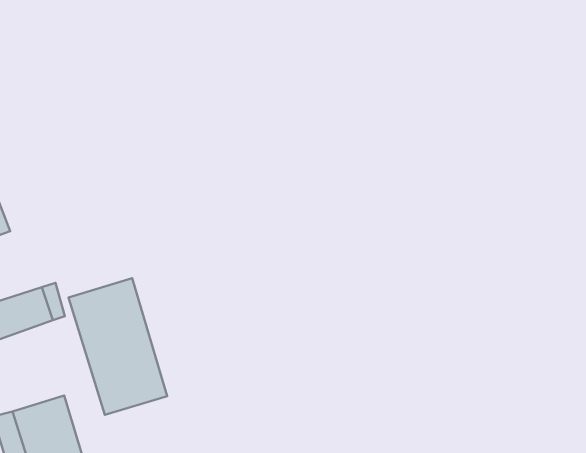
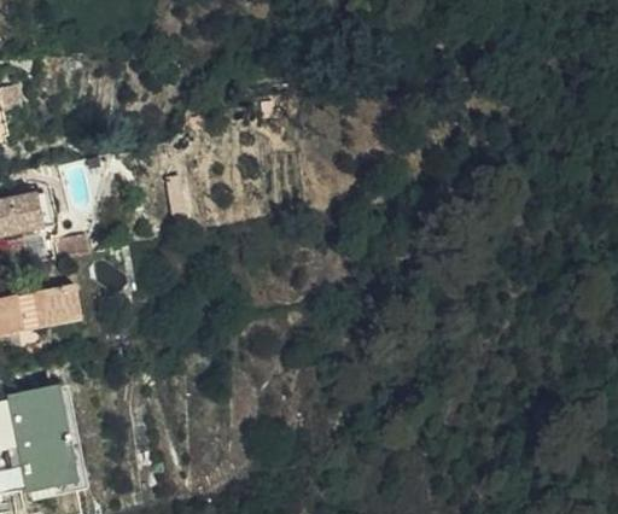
building: [68,278,167,415] -> none

